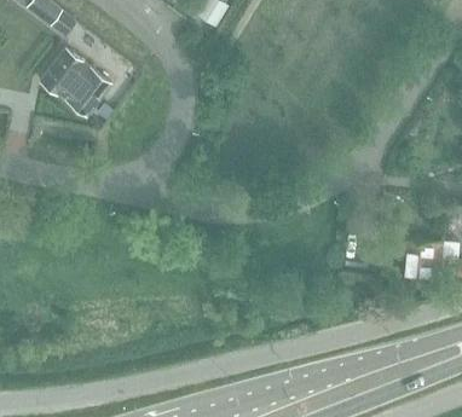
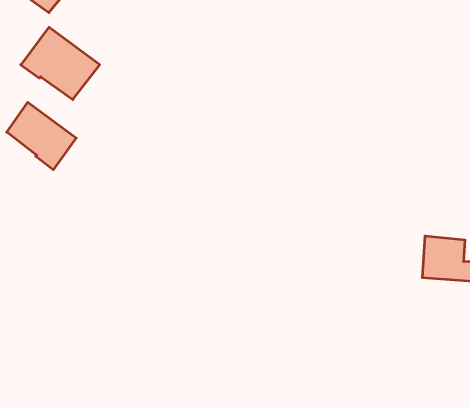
building: none -> [7,102,76,170]

